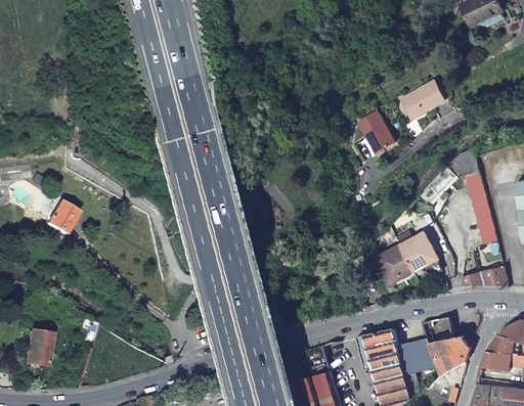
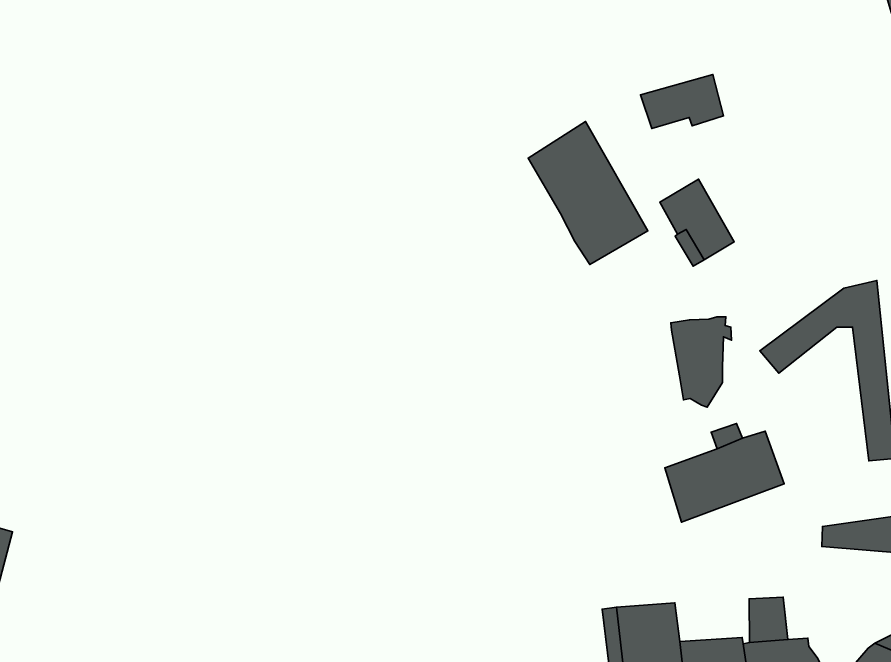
building: [402,82,446,114] -> [640,75,723,128]
building: none -> [528,121,648,265]
building: none -> [671,317,732,407]
building: [43,204,76,237] -> none

